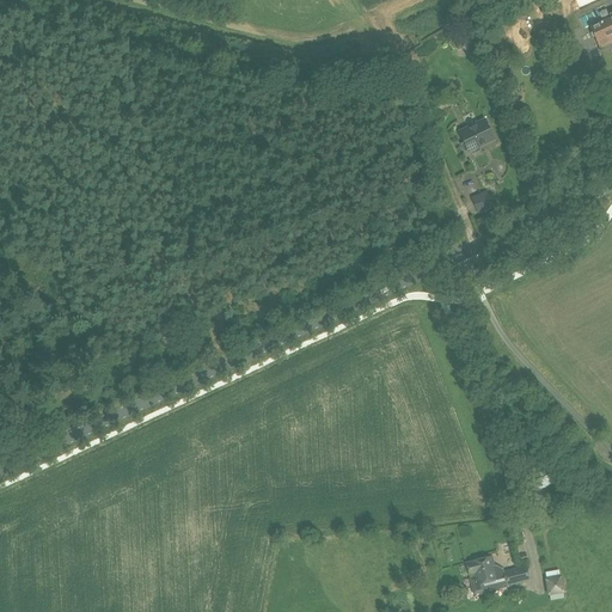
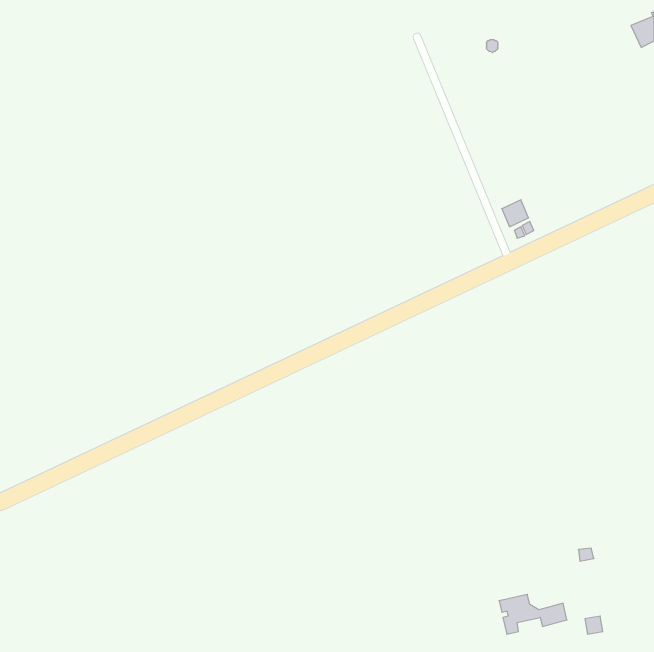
building: [457,116,495,152] -> none

